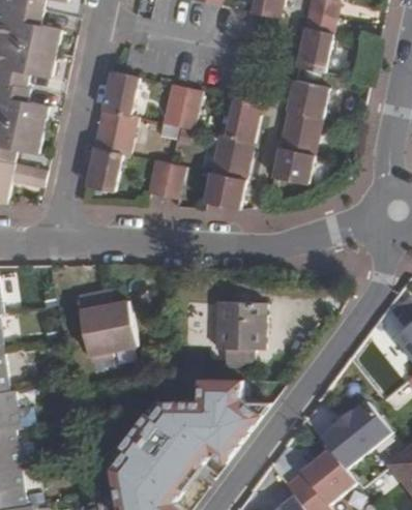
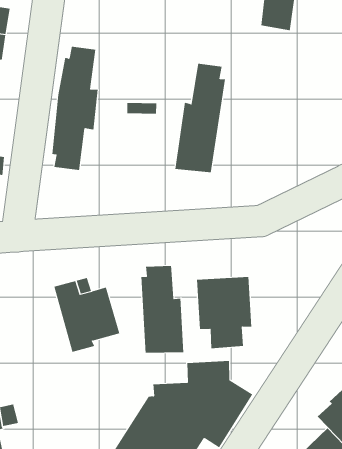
building: [271,78,328,182] -> none
building: [163,82,201,125] -> none
building: [147,156,184,197] -> none
building: none -> [141,265,184,353]

